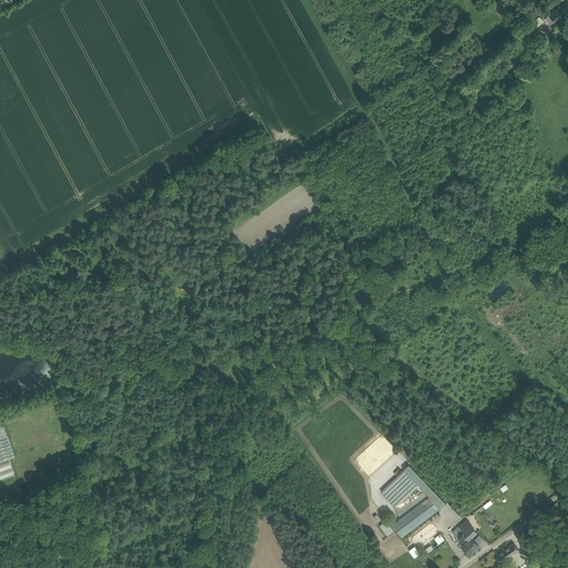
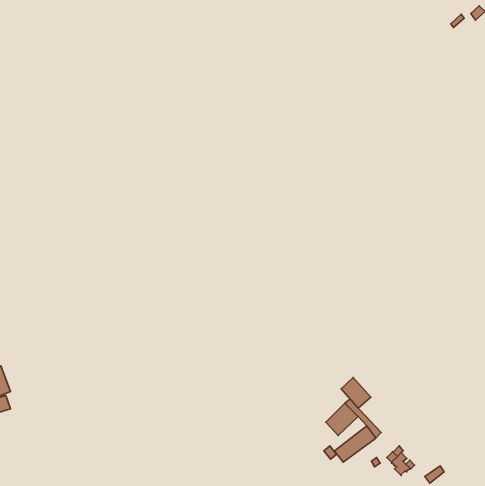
building: none -> [341,378,371,408]

